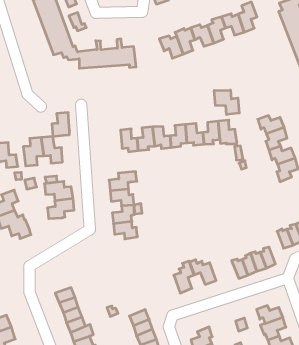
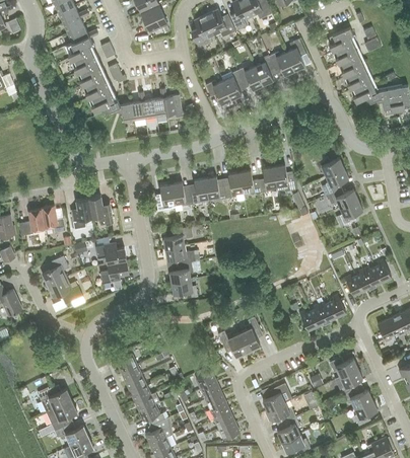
building: [214,90,239,115] -> none
building: [52,113,70,136] -> [155,183,175,210]
building: [190,260,216,284] -> [218,330,248,356]

